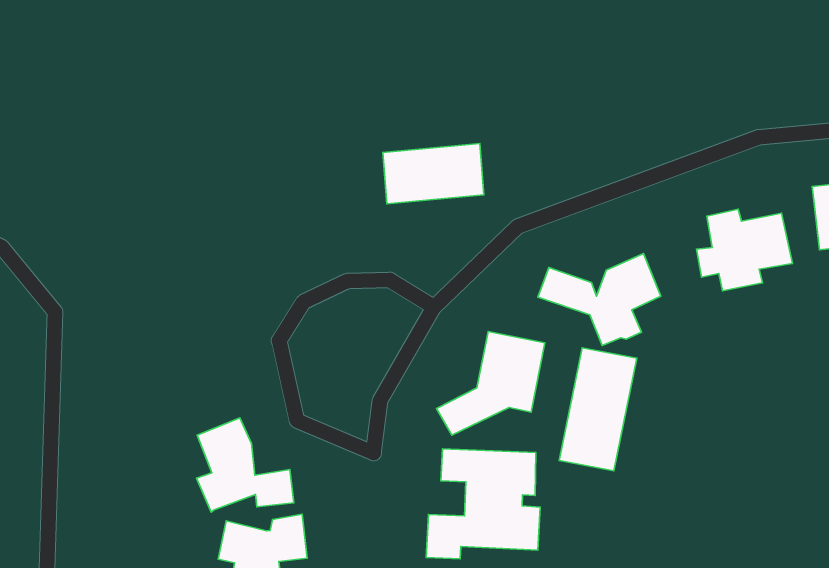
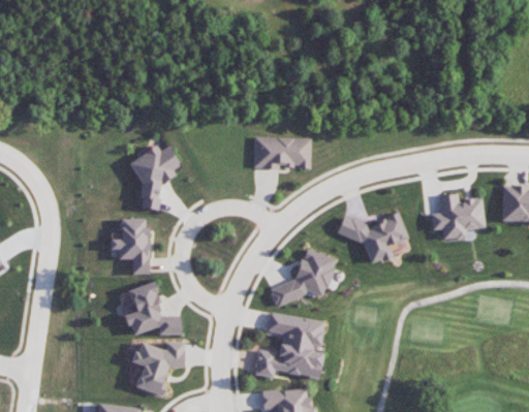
building: none -> [128,146,177,210]
building: none -> [110,218,149,275]
building: [559,348,637,471] -> none

